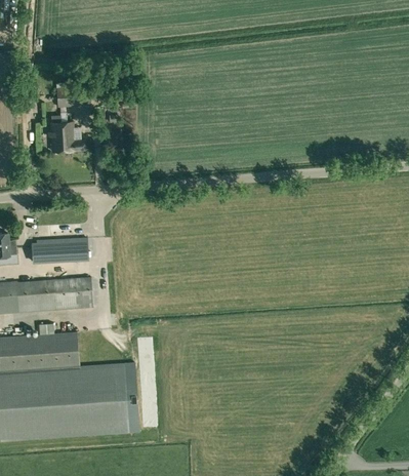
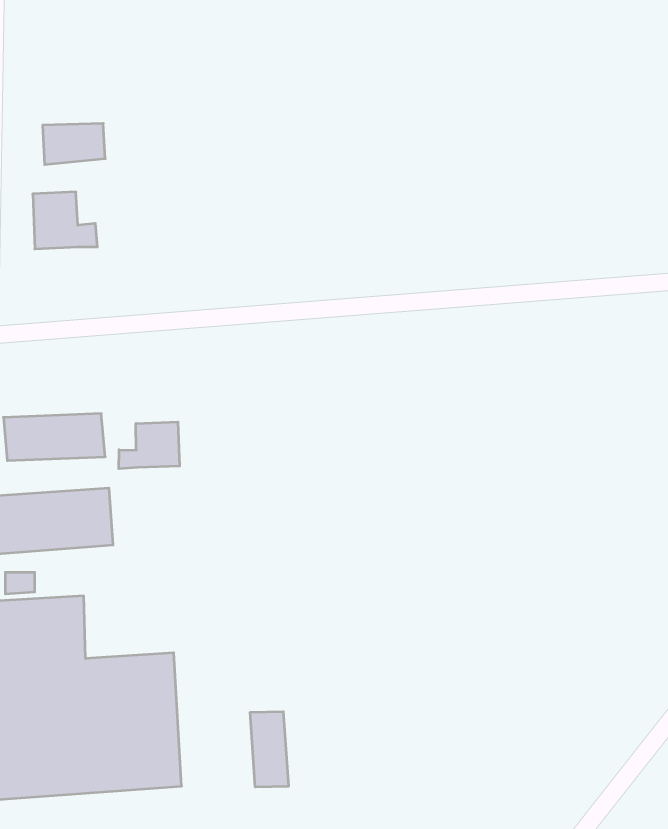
building: none -> [119,422,180,469]
building: none -> [250,712,288,787]

